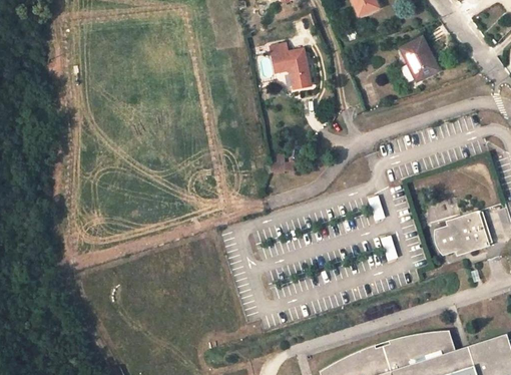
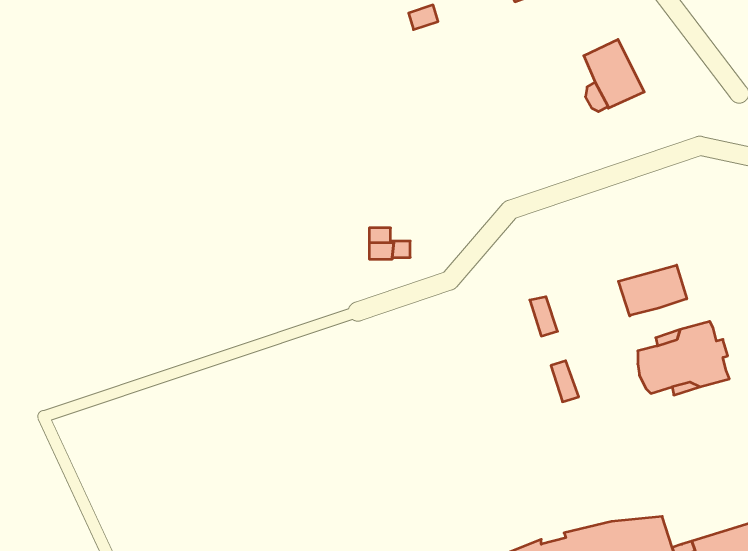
building: [271,44,310,88] -> none
building: none -> [618,265,687,316]

